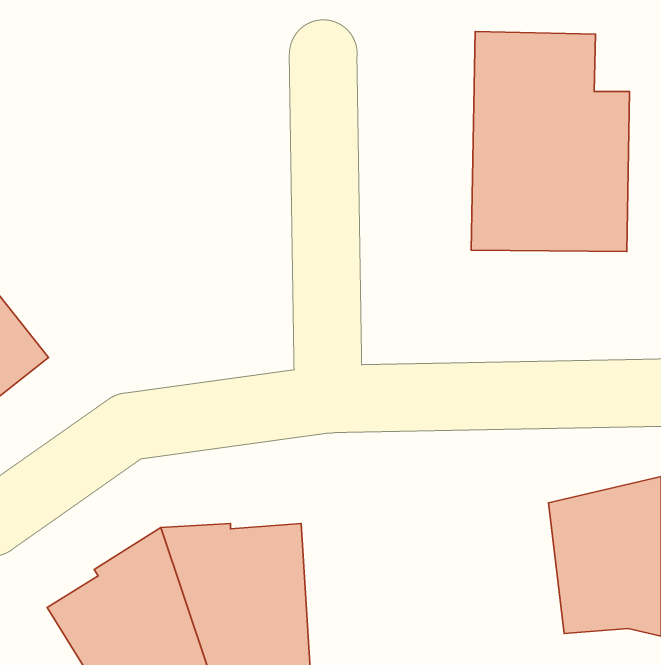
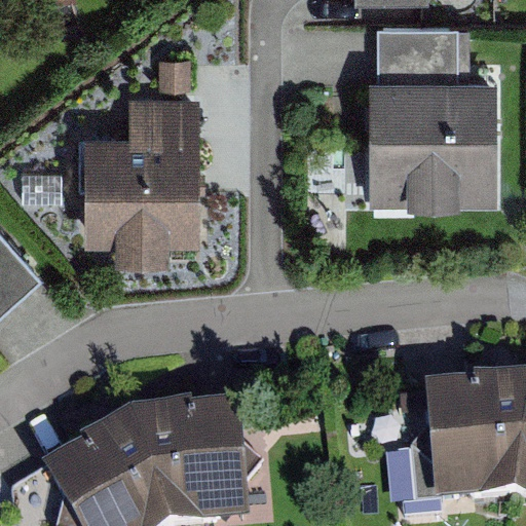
building: none -> [86,91,198,248]

